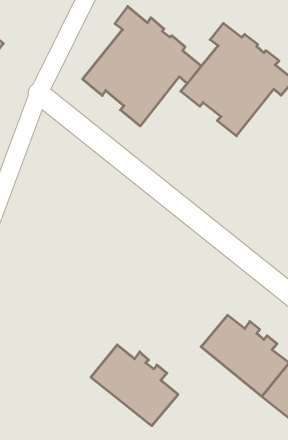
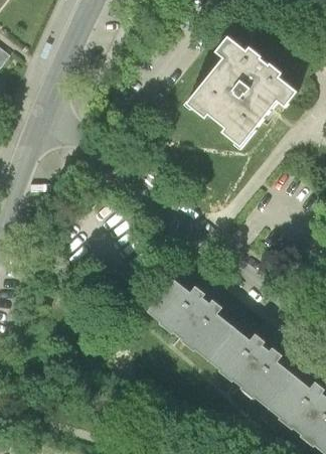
building: [83,6,201,126] -> none
building: [91,345,178,426] -> [145,276,231,356]

